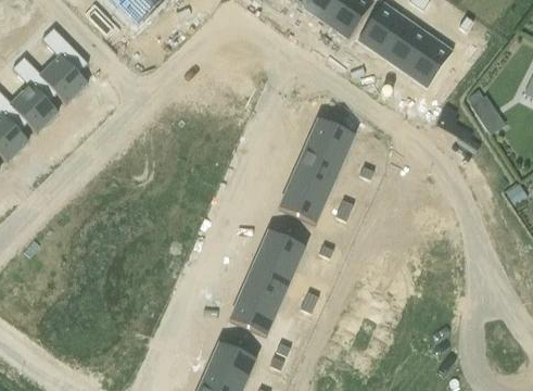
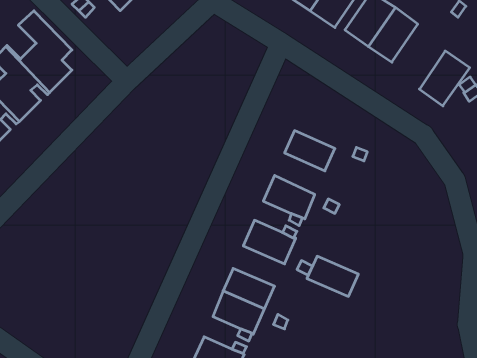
building: [402,35,450,88] -> [419,51,470,106]
building: [307,113,357,155] -> none
building: [288,160,337,200] -> none
building: [248,250,297,289] -> [307,256,358,296]

